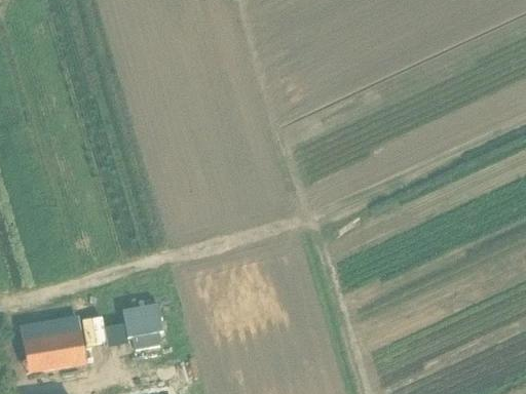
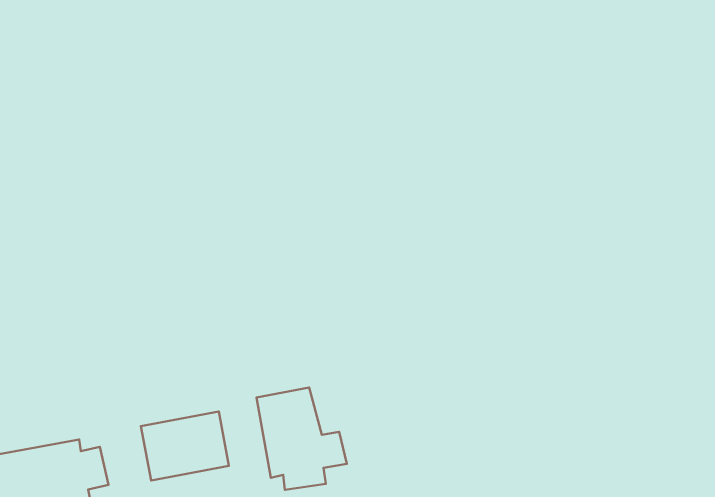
building: none -> [256,388,347,490]

